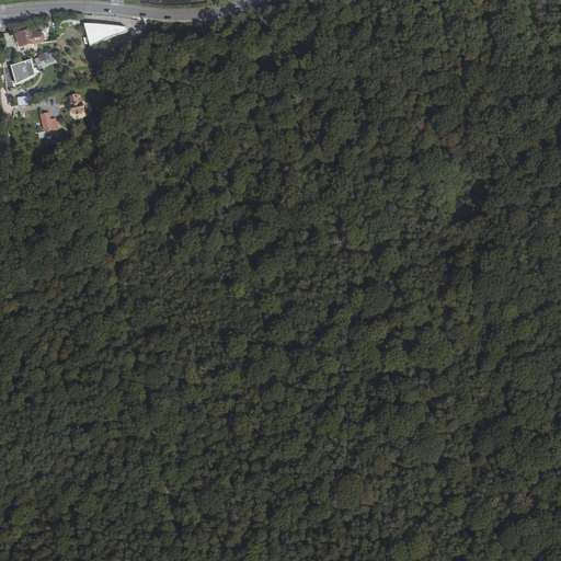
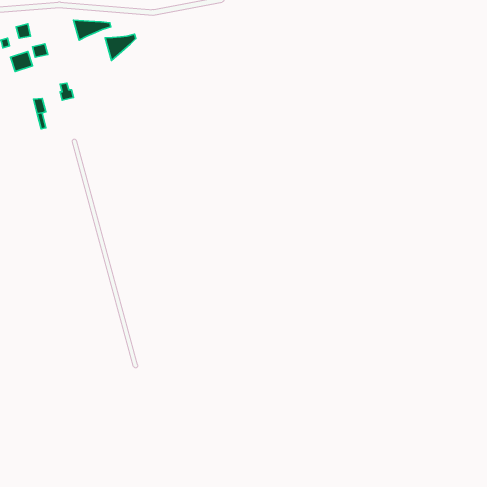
building: none -> [105,34,136,61]

